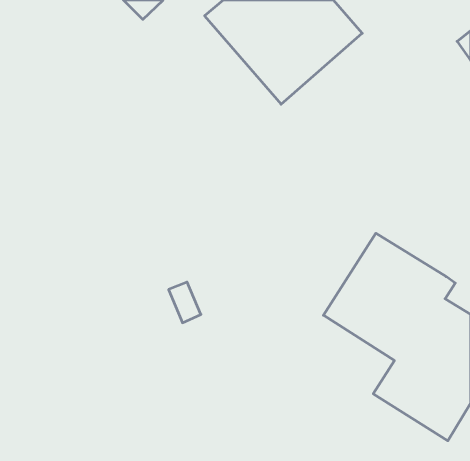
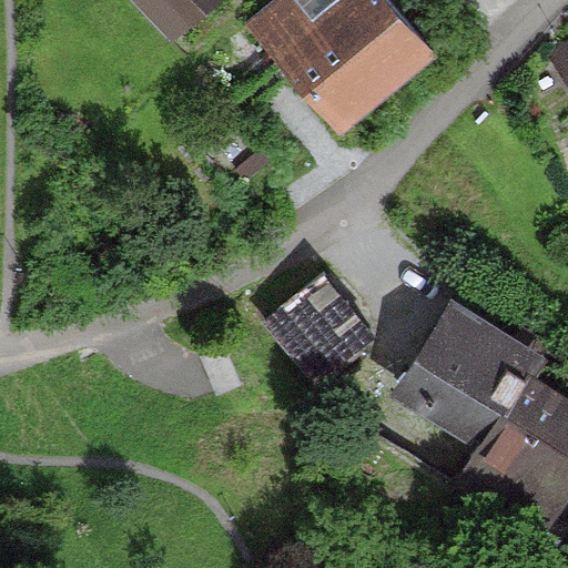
building: none -> [264,271,377,383]

